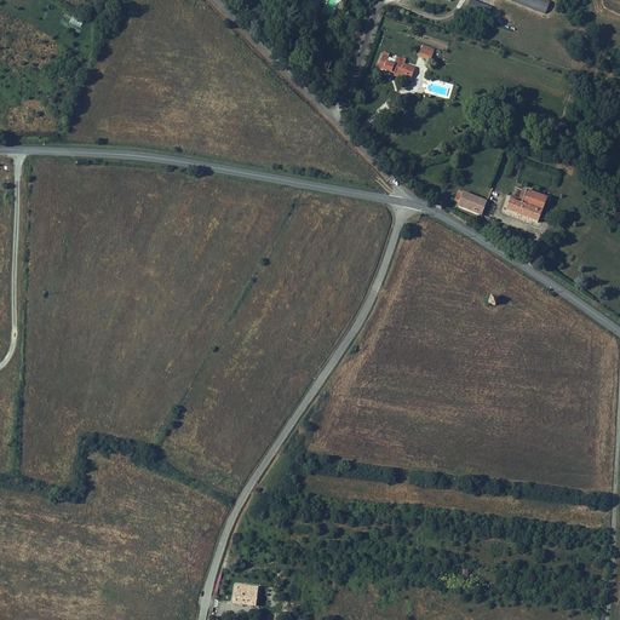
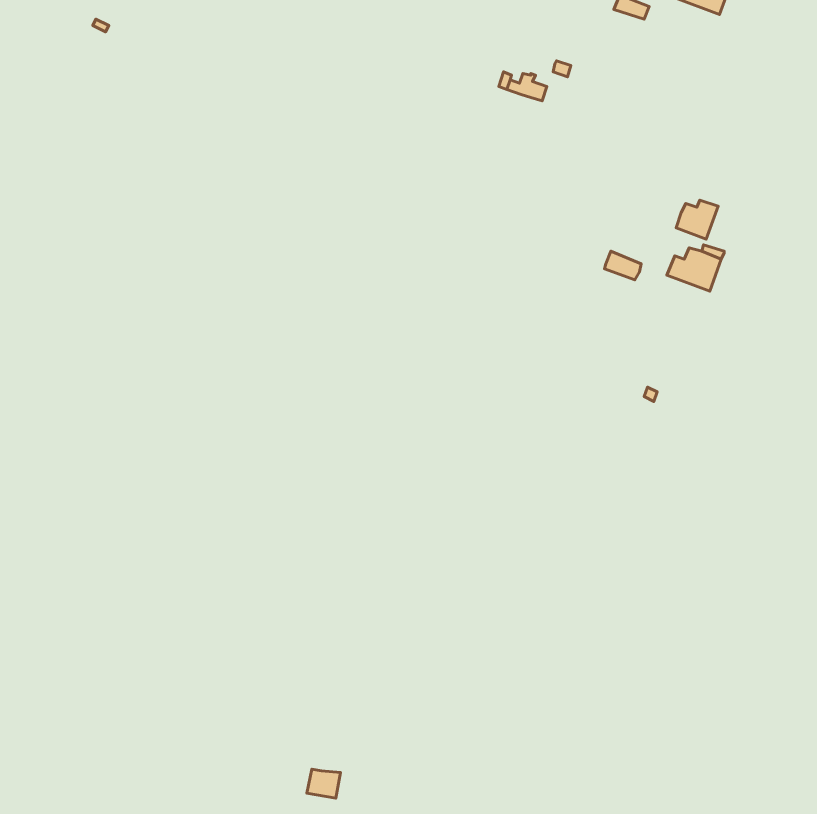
building: none -> [676,200,718,239]

